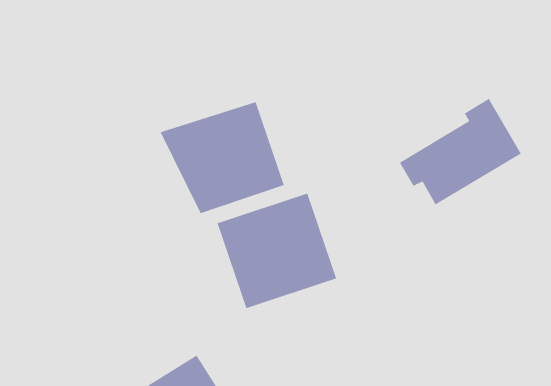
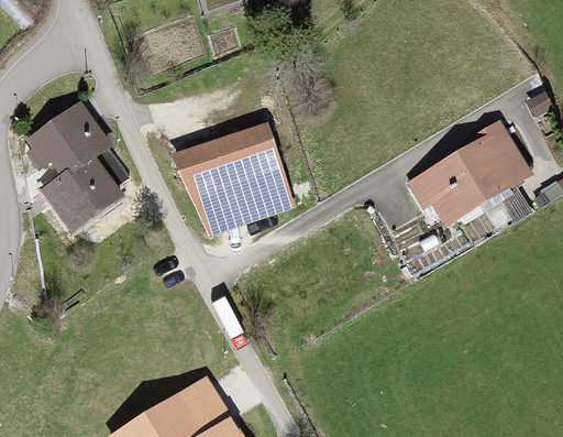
building: none -> [26,109,132,227]
building: [217,193,337,309] -> none

